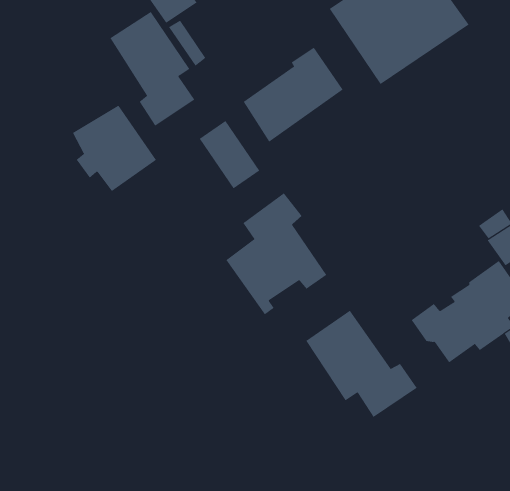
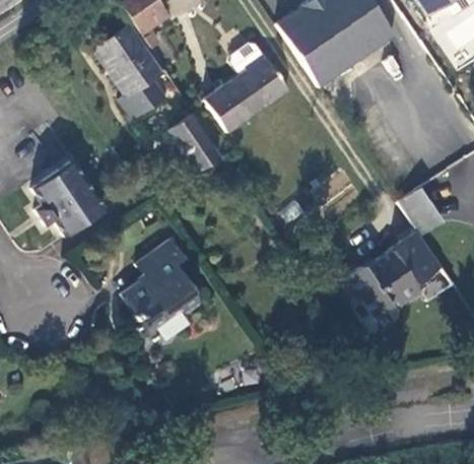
building: [72,105,157,192] -> [33,167,104,239]
building: [225,193,327,315] -> [122,238,206,339]
building: [306,310,417,418] -> none

